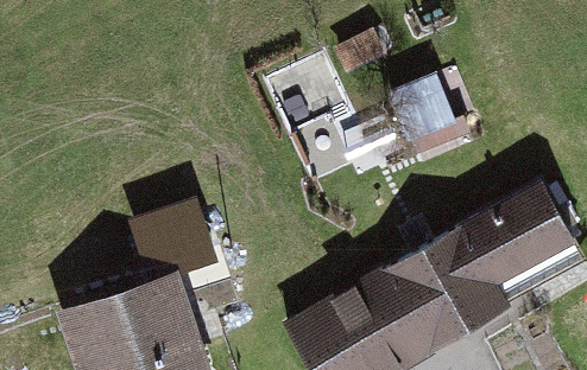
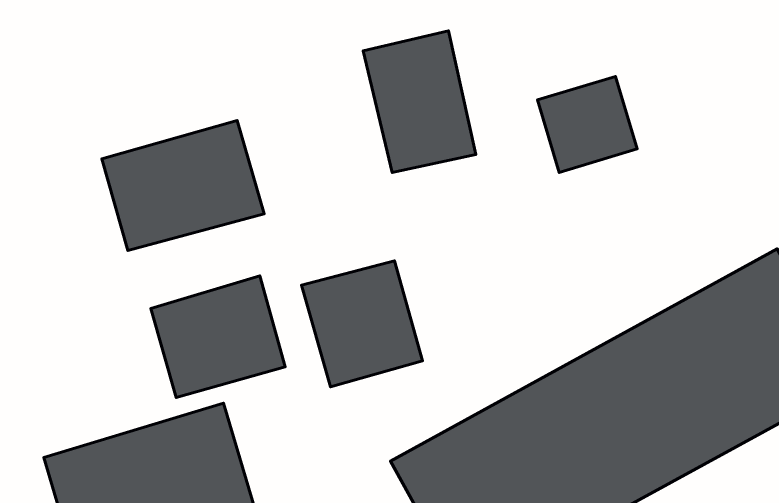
building: none -> [102,120,264,251]
building: none -> [302,261,423,387]

